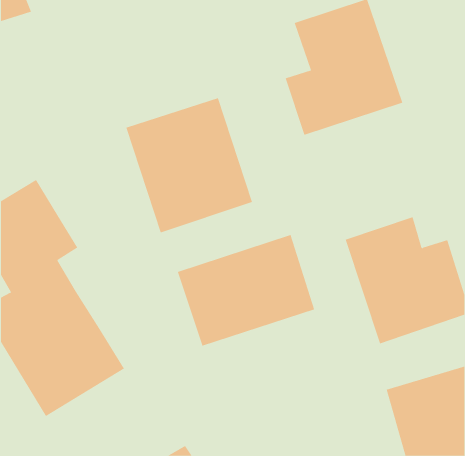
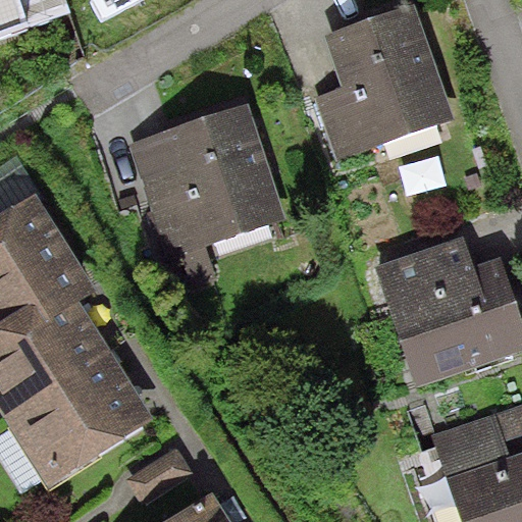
building: [177,234,315,347] -> none

